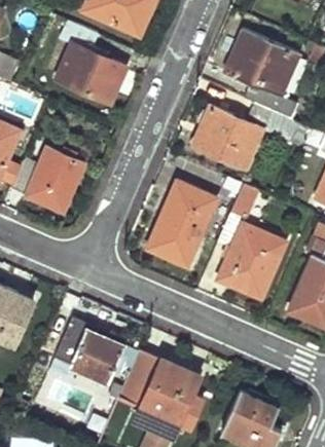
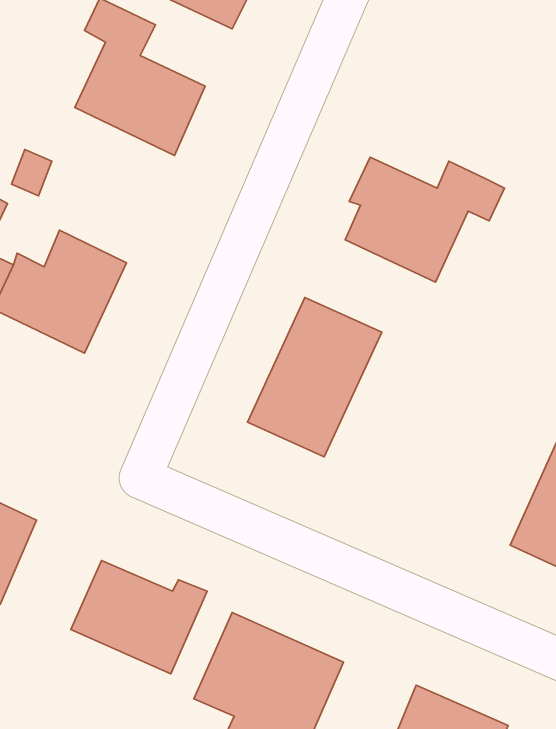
building: [223,33,298,116] -> none
building: [214,209,284,299] -> none

